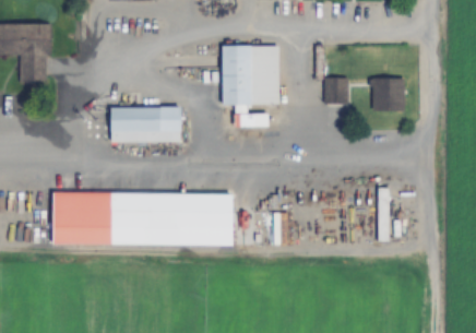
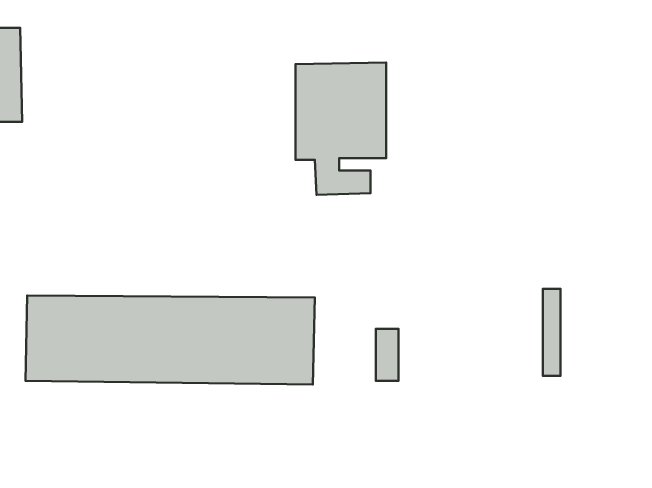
building: [324,78,347,104] -> none
building: [369,79,405,111] -> none
building: [110,107,181,142] -> none

